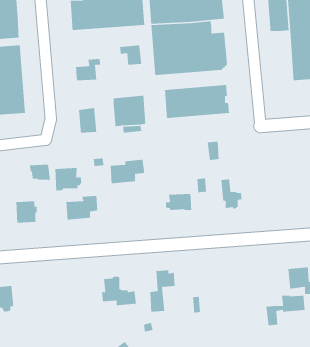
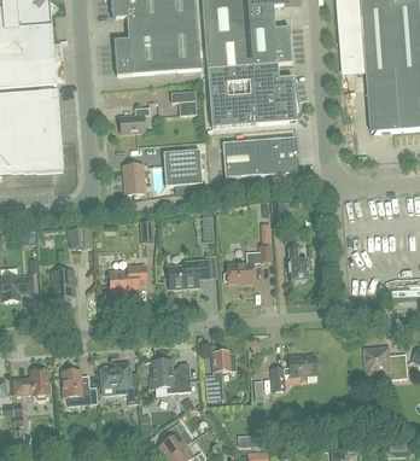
building: [110,159,145,184] -> [168,258,209,287]
building: [54,167,82,191] -> none
building: none -> [100,361,139,402]
building: none -> [62,368,91,404]
building: [266,295,305,326] -> [270,354,316,390]

